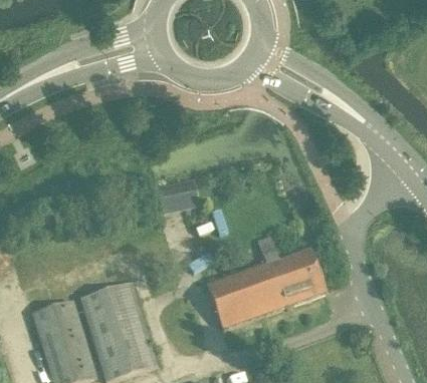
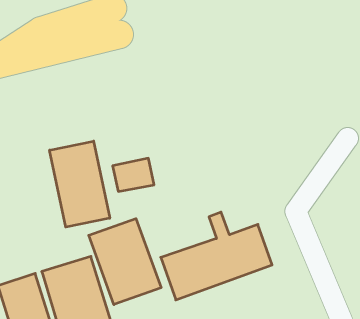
building: none -> [50,141,110,227]
building: none -> [89,219,161,305]

